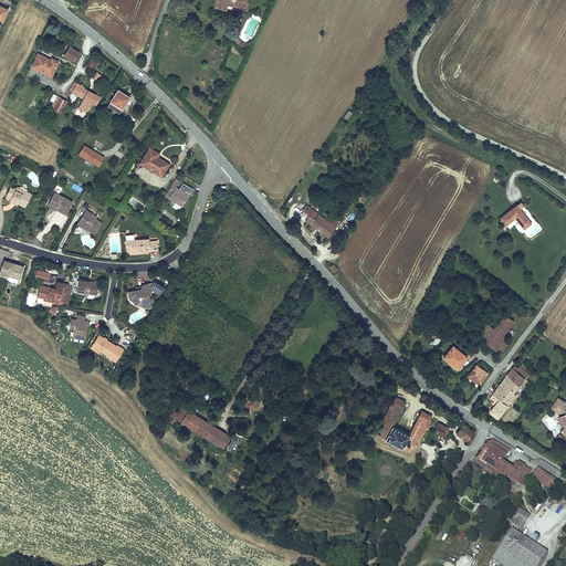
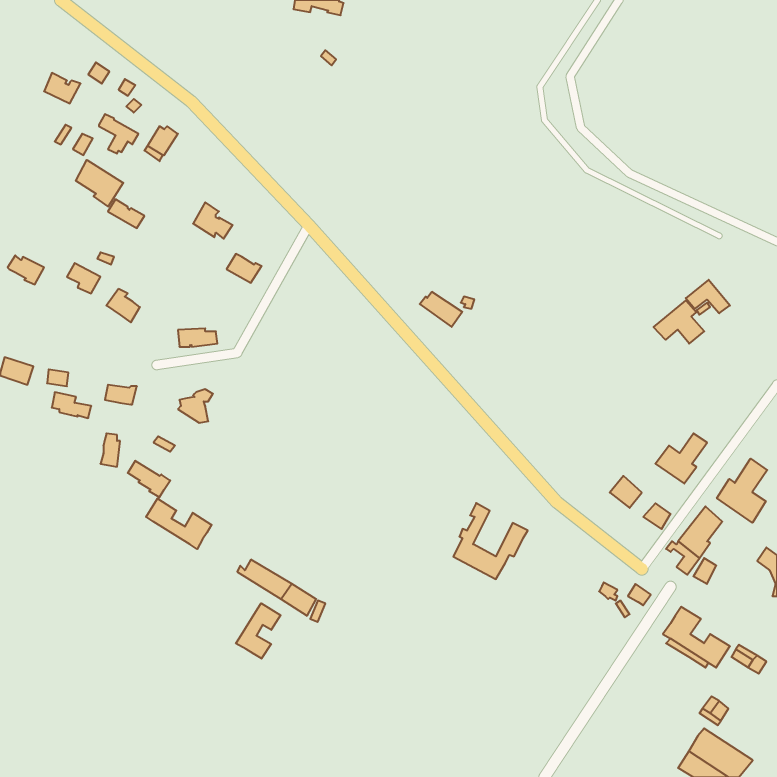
building: none -> [76,160,123,207]
building: none -> [654,301,704,344]
building: none -> [717,459,767,523]
building: none -> [146,498,212,549]
building: [378,397,432,452] -> [453,503,528,579]
building: none -> [236,603,281,659]

